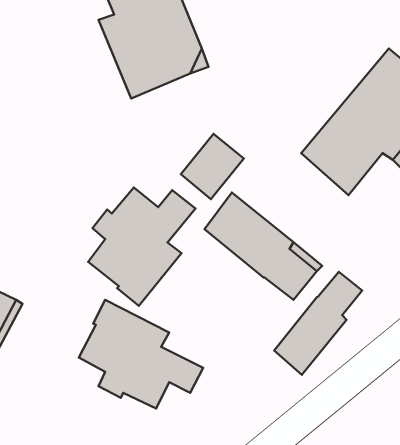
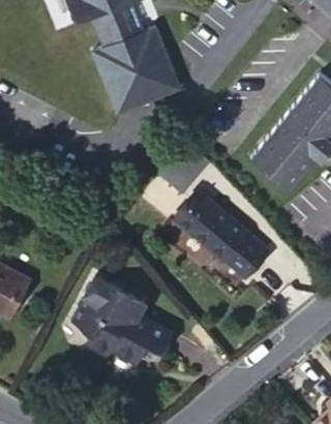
building: [88,187,196,306] -> none
building: [274,272,362,375] -> none

